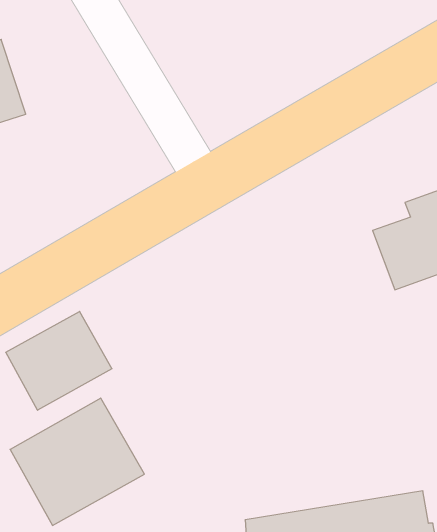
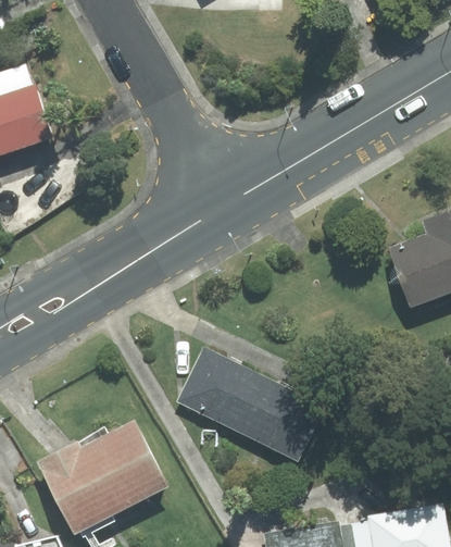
building: [6,311,112,410] -> none
building: none -> [177,347,328,463]

